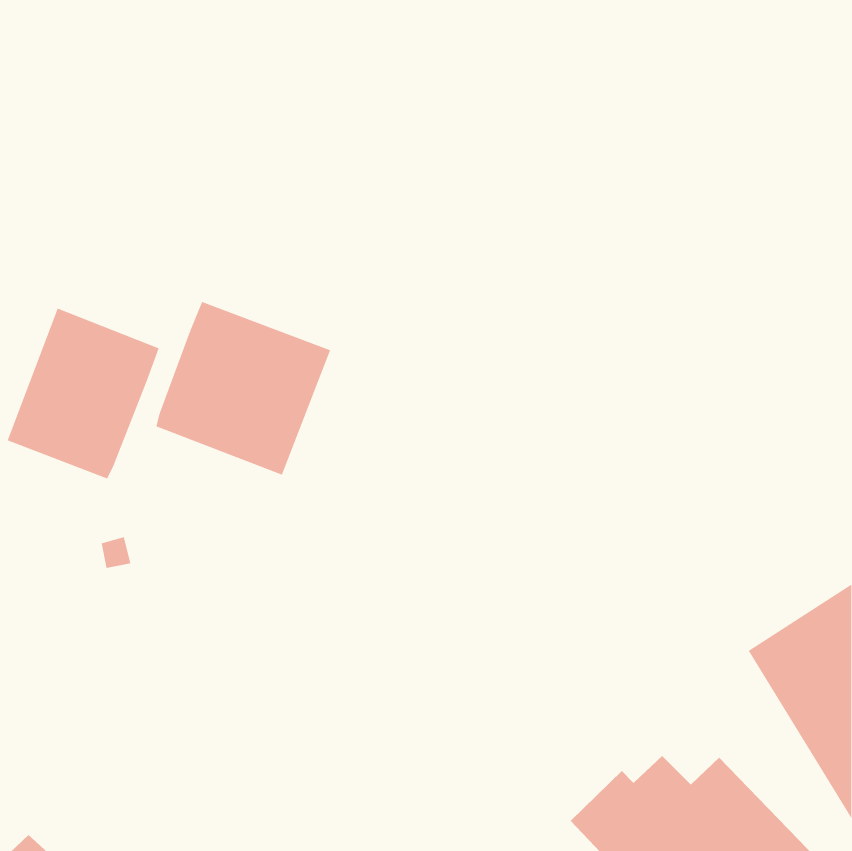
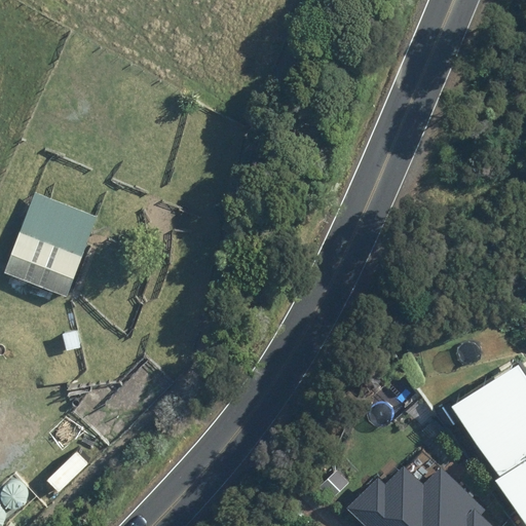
building: [156,301,331,475] -> none

